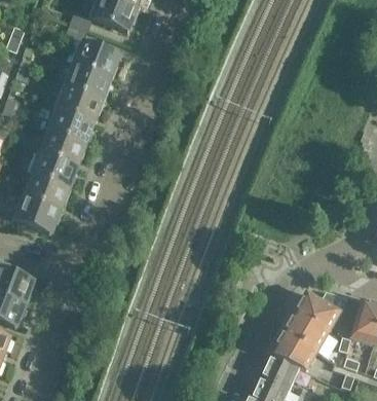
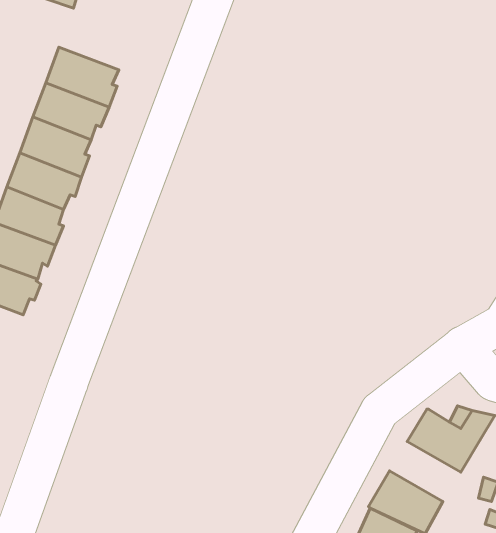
building: [72,41,118,77] -> none
building: [281,313,327,351] -> none

